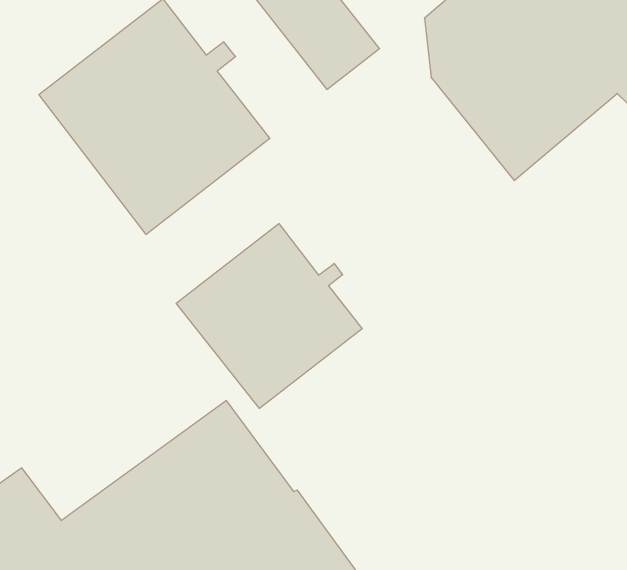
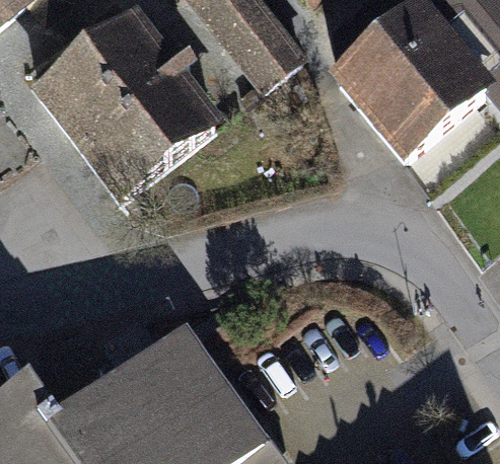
building: [176,224,362,408] -> none

